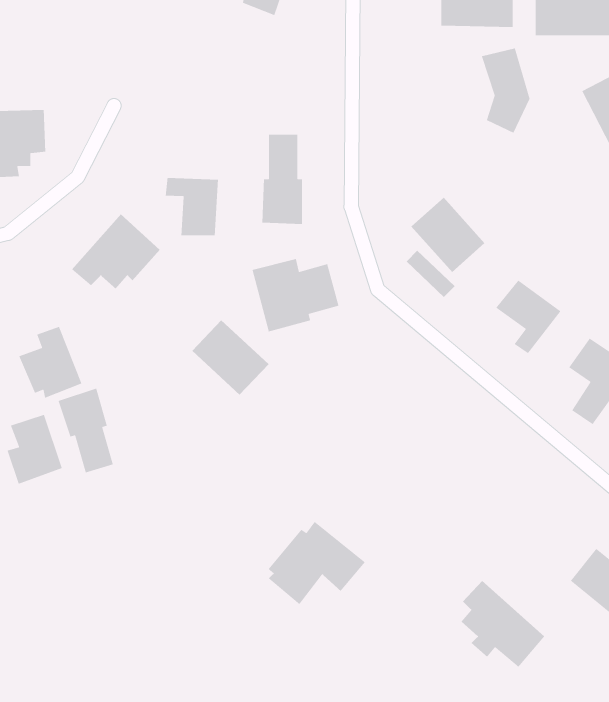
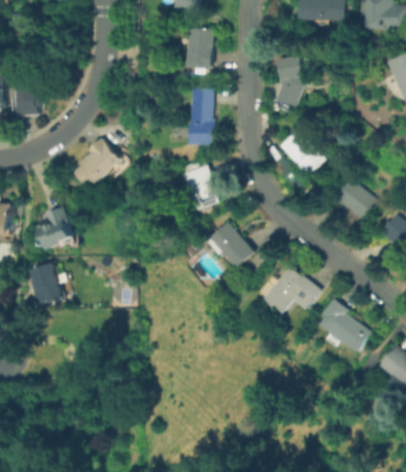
building: none -> [184,28,213,68]
building: [481,48,530,134] -> [274,53,305,106]
building: [165,177,219,236] -> none
building: [192,319,269,396] -> [205,222,253,269]
building: [57,387,114,473] -> none
building: [268,521,366,605] -> [260,265,320,317]
building: [461,580,545,668] -> [318,298,371,352]

